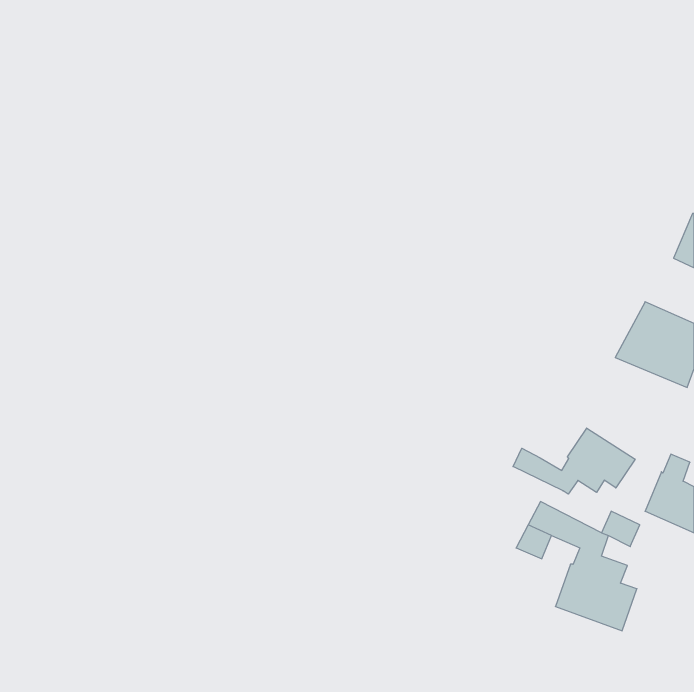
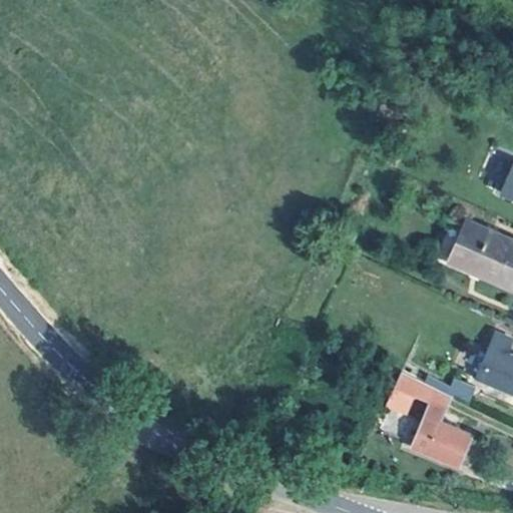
building: [513,428,635,494] -> none

